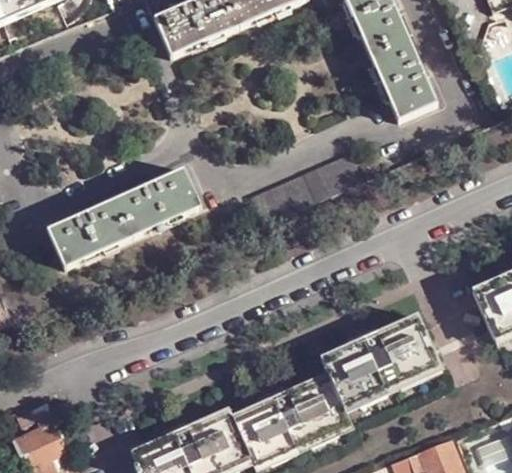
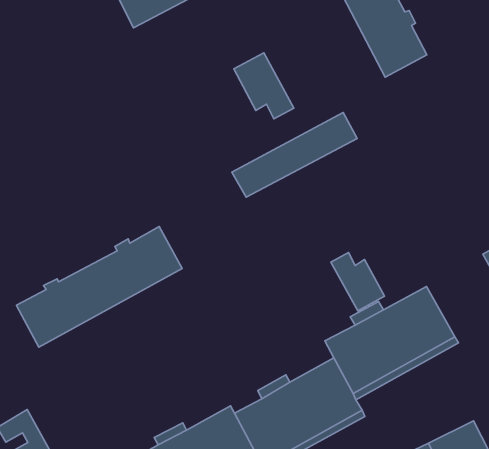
building: none -> [234,53,294,119]
building: [46,167,200,268] -> [17,226,182,347]
building: none -> [331,252,384,311]

